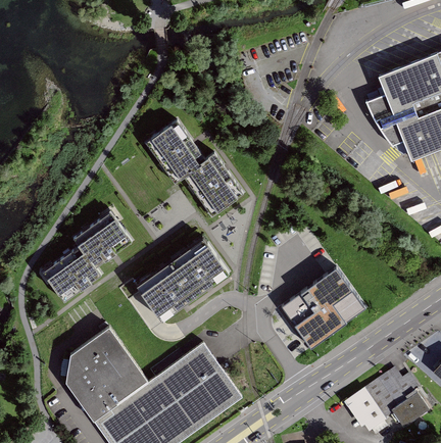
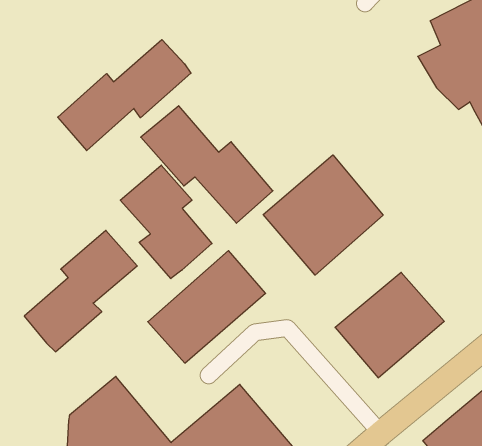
building: none -> [58,40,191,151]
building: none -> [120,165,212,279]
building: none -> [263,155,383,275]

